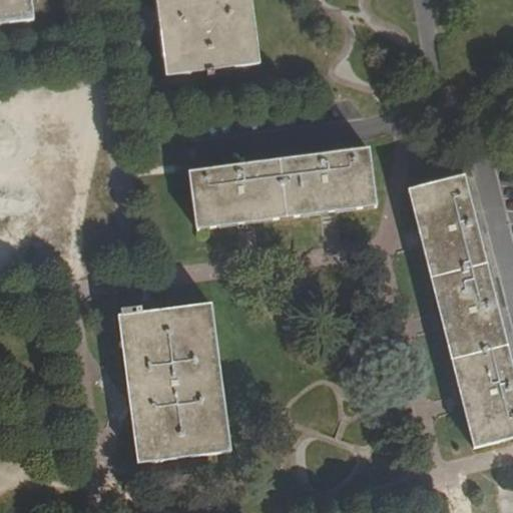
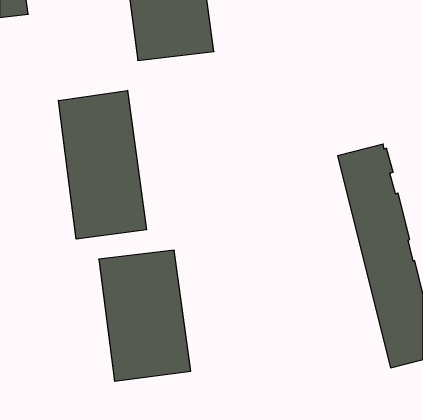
building: none -> [59,90,146,239]
building: [187,145,376,228] -> none

